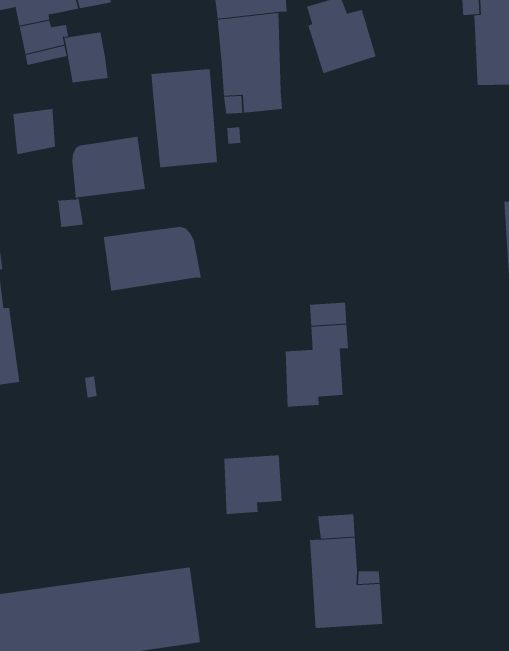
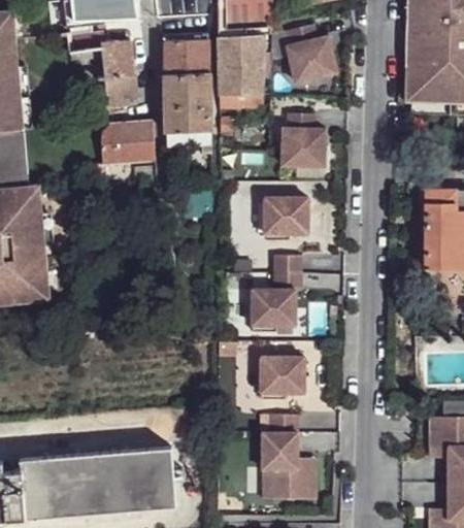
building: none -> [164,33,208,74]
building: [13,107,56,155] -> [104,74,135,108]
building: none -> [281,114,326,167]
building: none -> [264,197,307,240]
building: [103,226,202,292] -> none
building: [224,455,282,514] -> [260,358,303,400]

